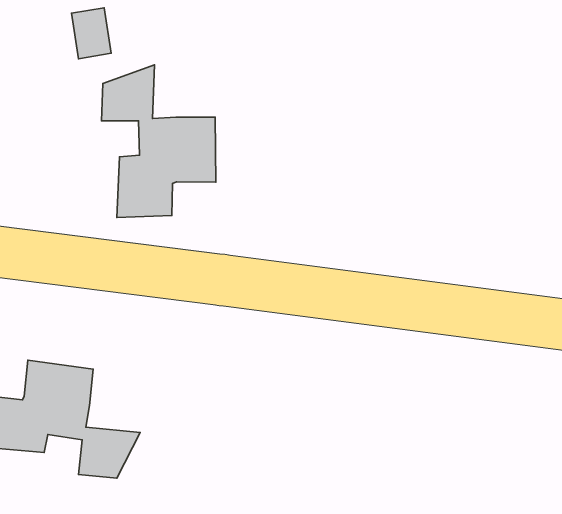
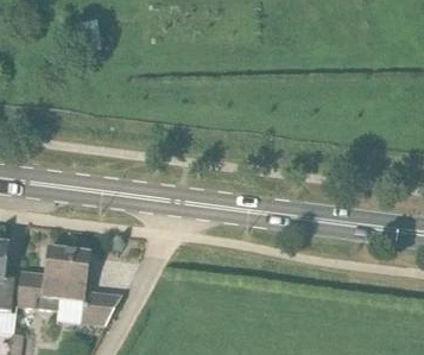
building: [101,65,216,218] -> none

